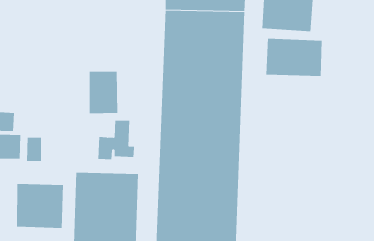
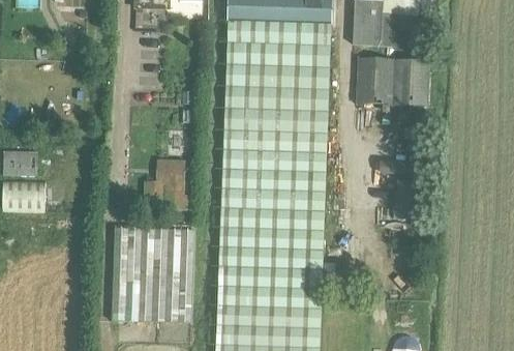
building: [89,71,118,114] -> none
building: [26,137,42,162] -> none
building: [16,183,64,229] -> none

